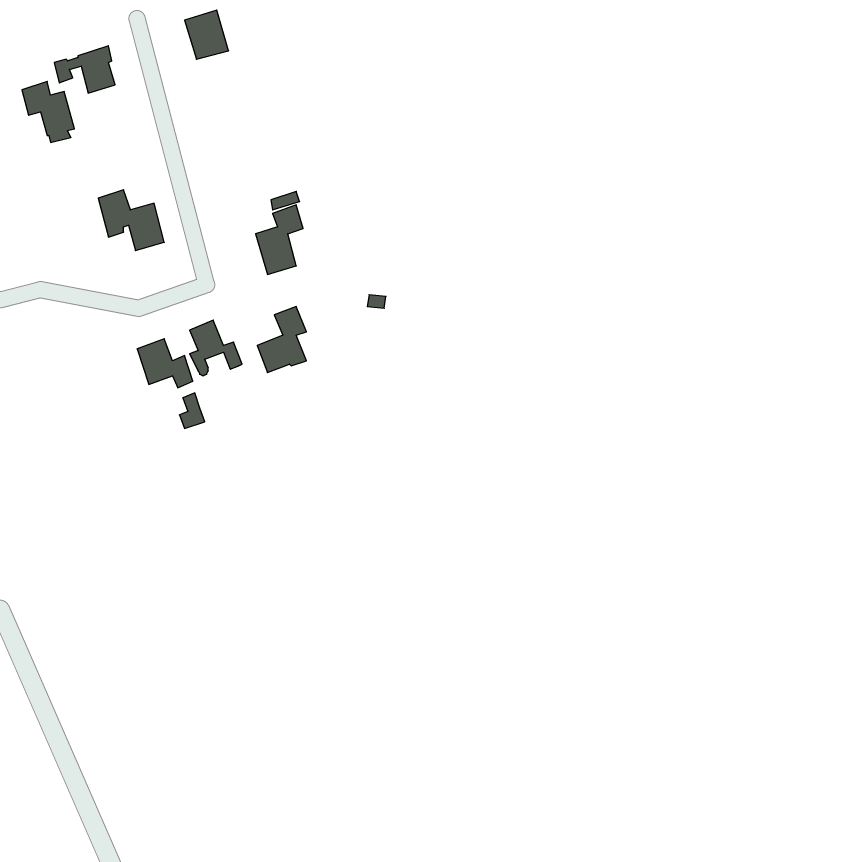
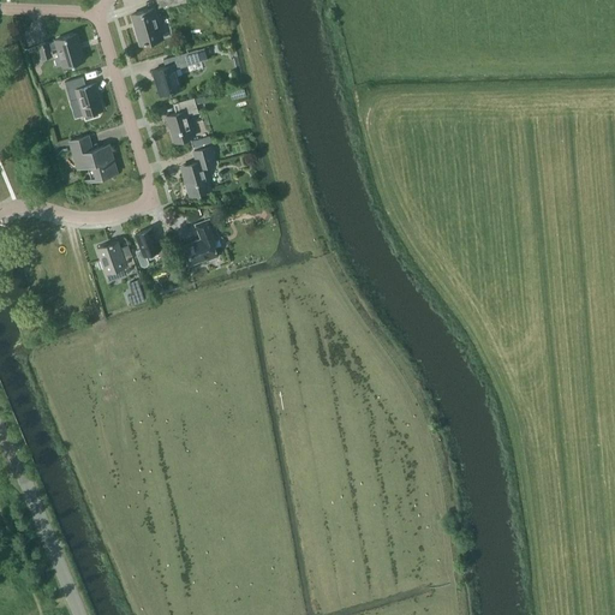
building: none -> [153,52,201,96]
building: [22,81,74,142] -> [65,78,102,121]
building: none -> [166,100,198,144]

